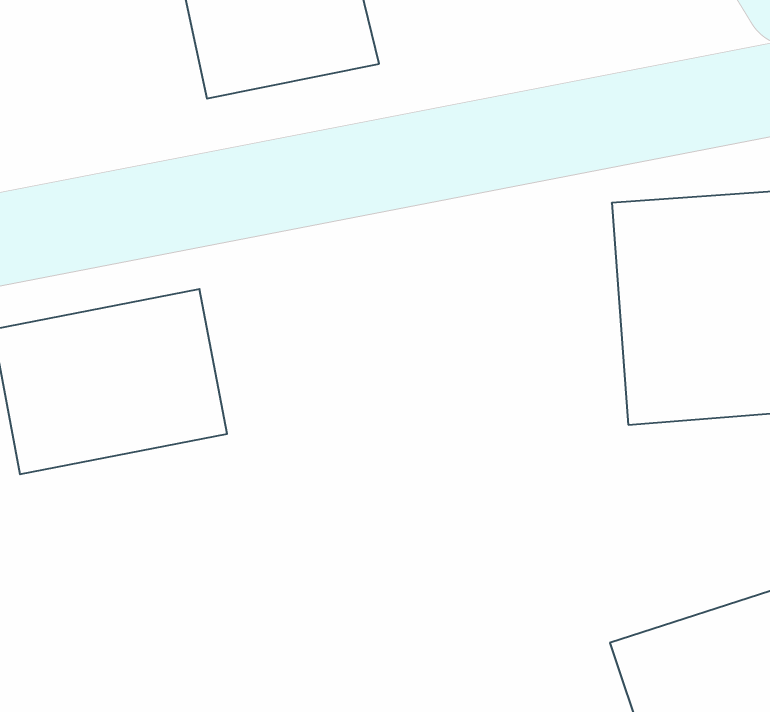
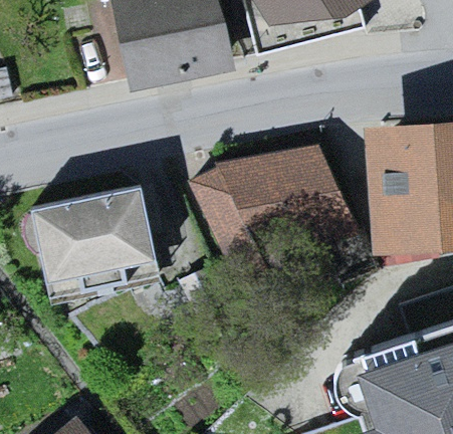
building: none -> [200,148,341,272]

